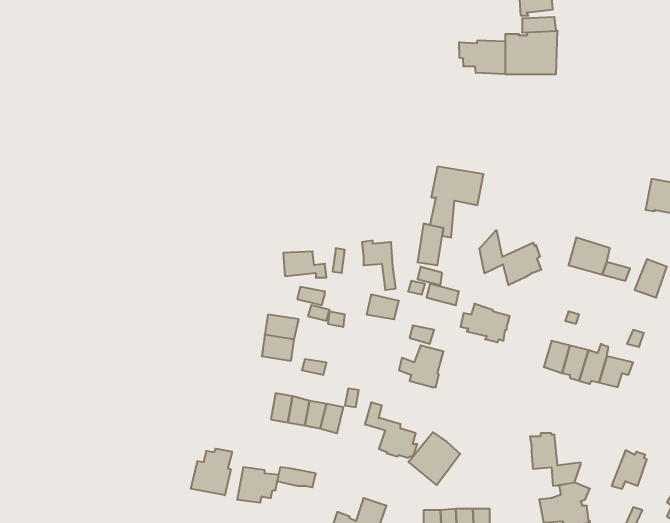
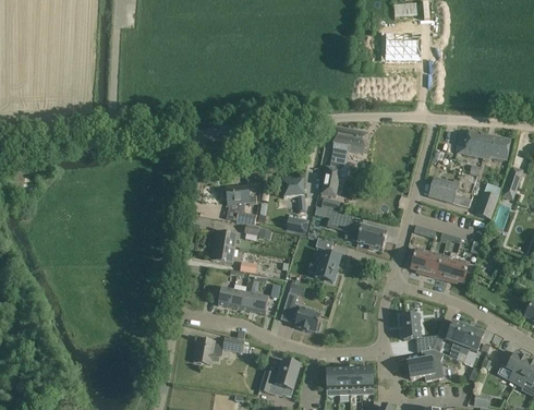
building: [459,40,505,74] -> none
building: none -> [456,130,487,156]
building: [479,230,541,285] -> none
building: [408,432,460,485] -> none
building: none -> [437,321,469,351]
building: [191,449,232,495] -> none

